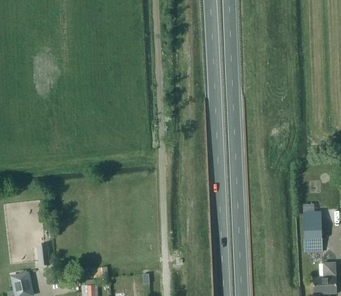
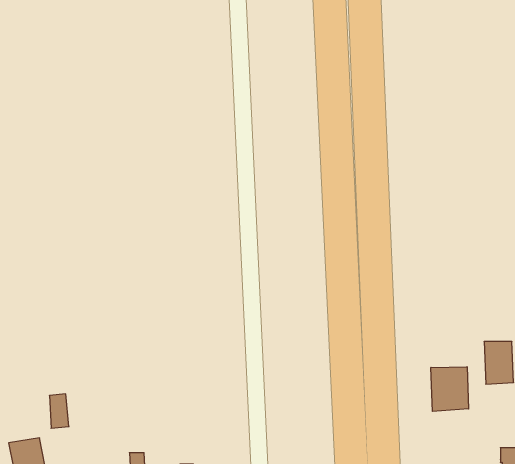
building: none -> [431,367,469,411]

